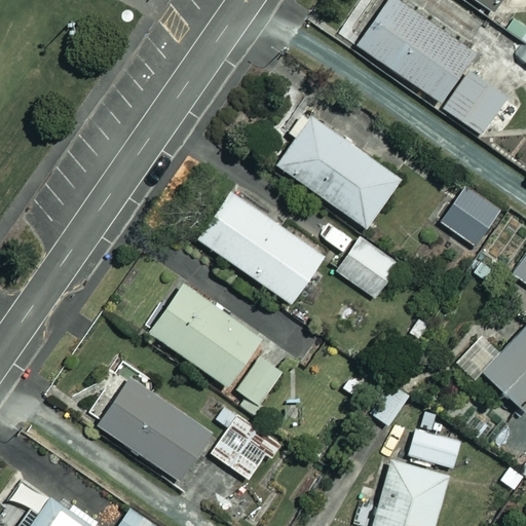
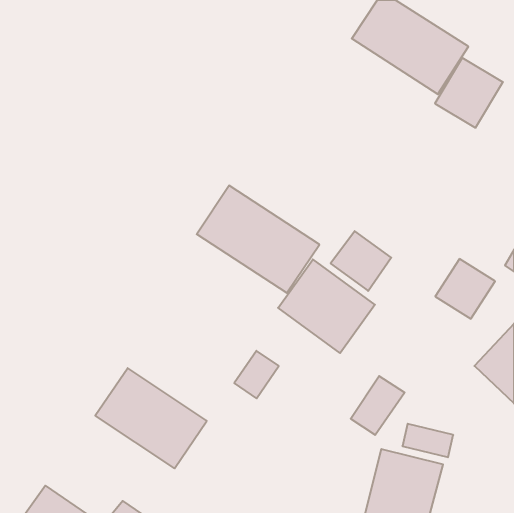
building: [278,116,403,227] -> none
building: [437,186,497,247] -> [435,259,495,319]
building: none -> [278,259,375,353]
building: [150,284,261,386] -> none
building: [210,415,277,483] -> none

